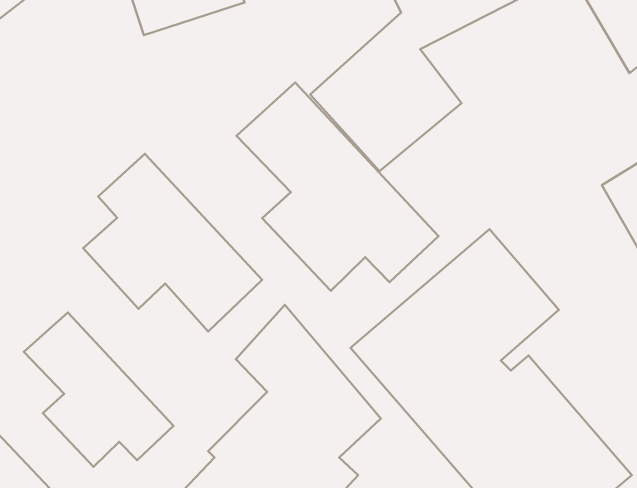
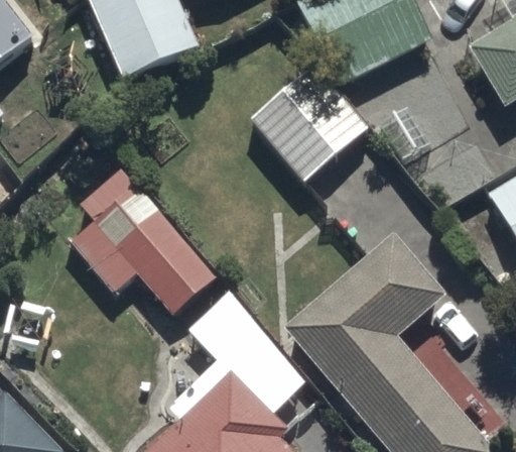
building: [236,83,438,291] -> none
building: [24,312,174,467] -> none

